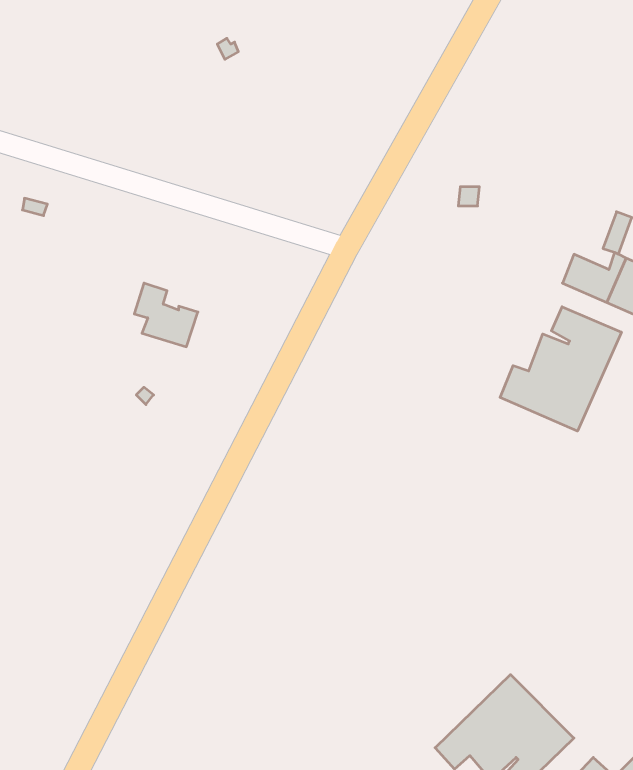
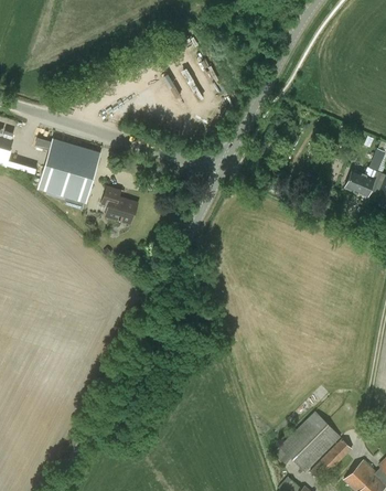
building: none -> [41,143,97,209]
building: [500,307,621,431] -> none

